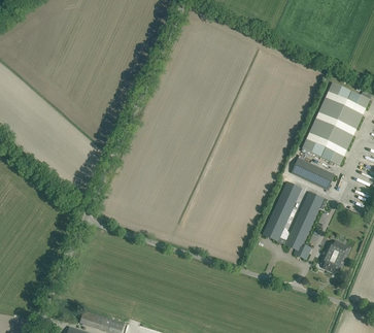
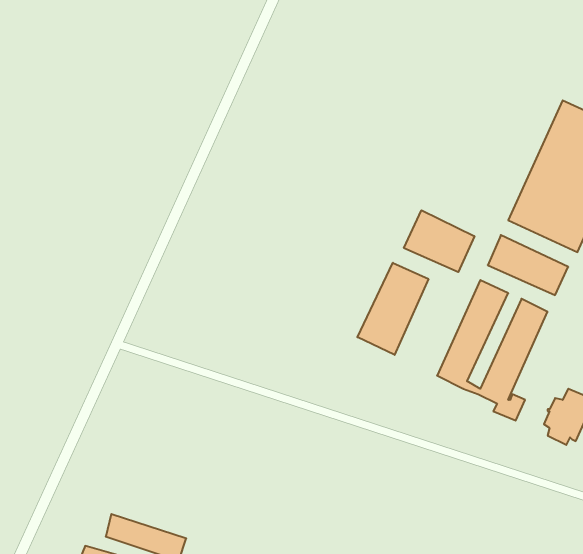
building: none -> [404,210,474,272]
building: none -> [357,263,428,355]

